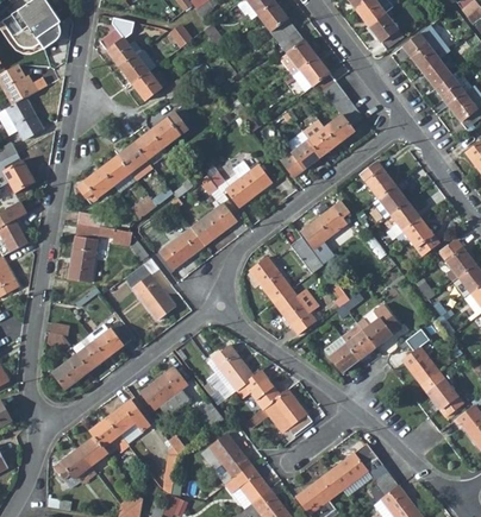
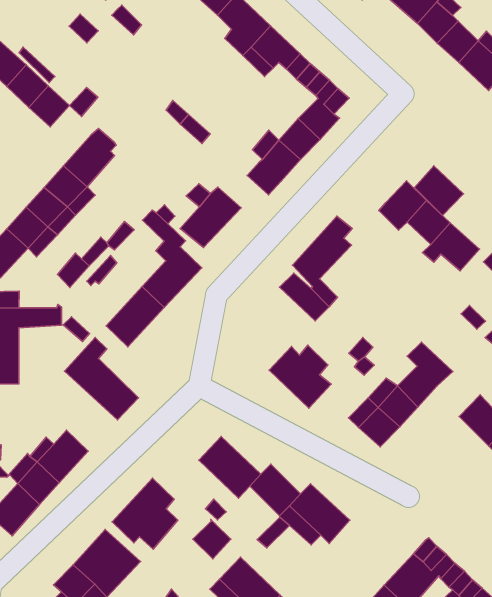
building: [361,160,395,197] -> [414,166,464,216]
building: [249,258,292,303] -> none

